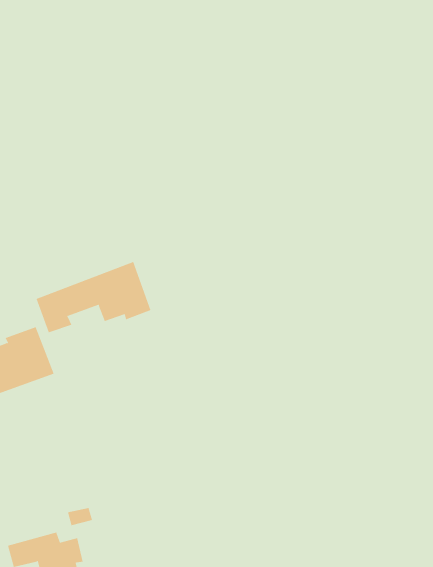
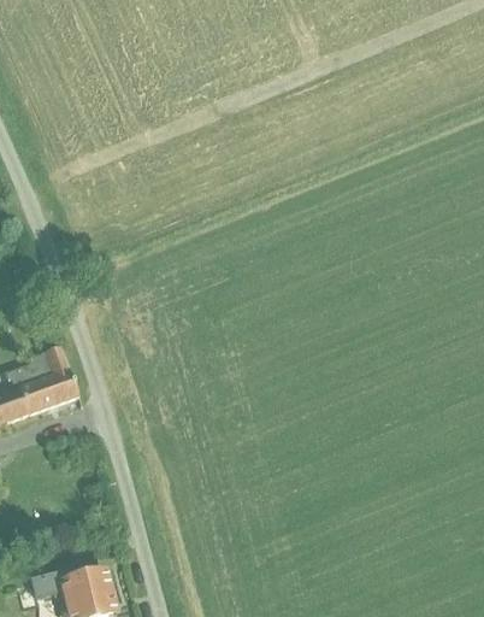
building: [36,261,151,333] -> none

